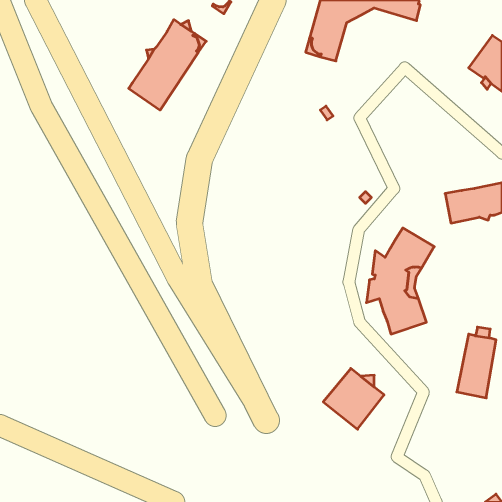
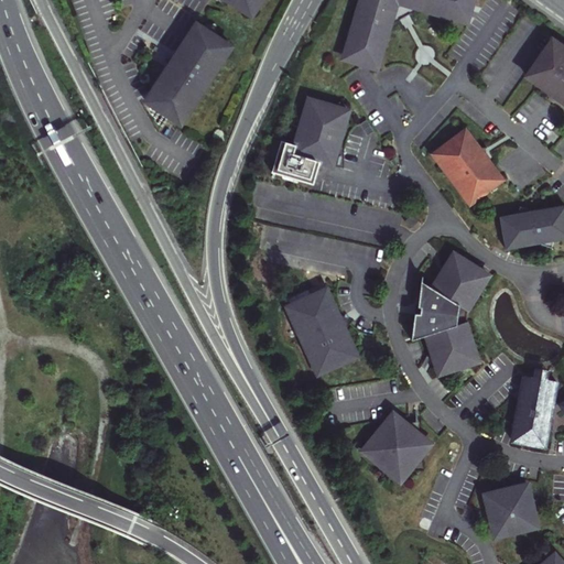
building: none -> [272,98,347,184]
building: none -> [433,130,502,204]
building: none -> [289,290,356,372]
building: none -> [485,484,536,535]

